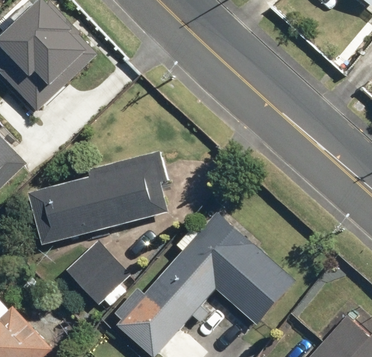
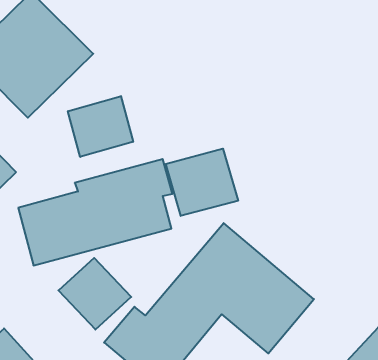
building: none -> [68,96,133,157]
building: none -> [166,149,238,216]

